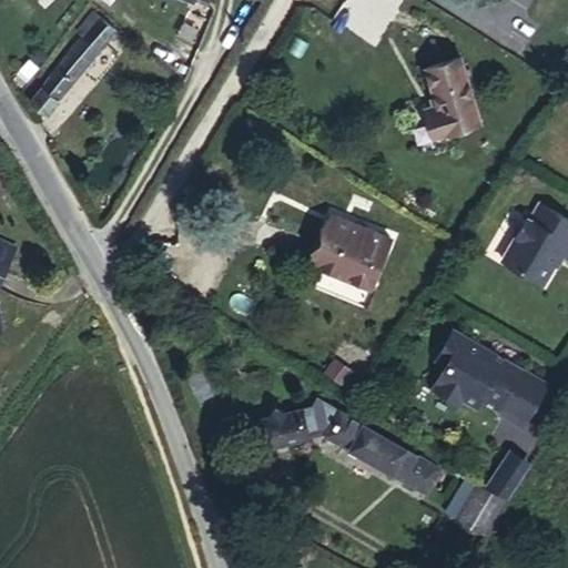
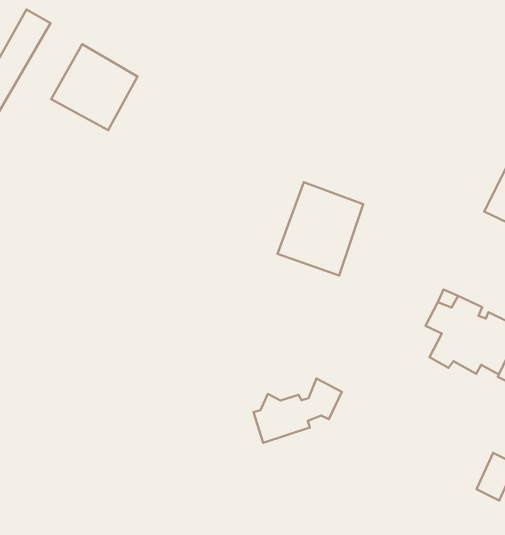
building: none -> [51,44,137,130]
building: [435,60,480,131] -> none
building: [329,410,442,500] -> none

